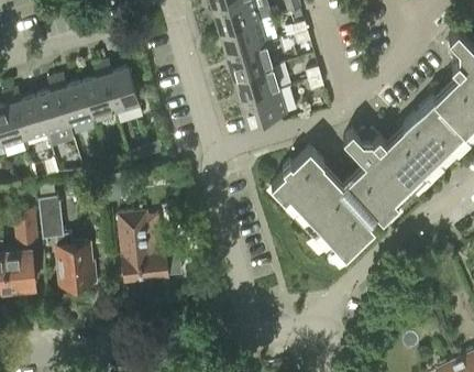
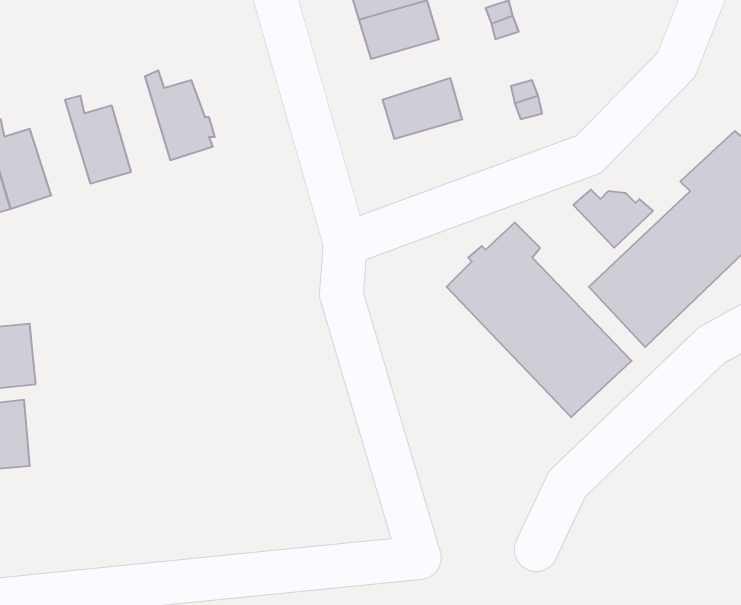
building: [228,46,273,80] -> none
building: [81,67,114,121] -> none
building: [35,80,69,134] -> none
building: [241,88,296,125] -> none
building: [38,184,95,286] -> none
building: [118,215,181,283] -> none

